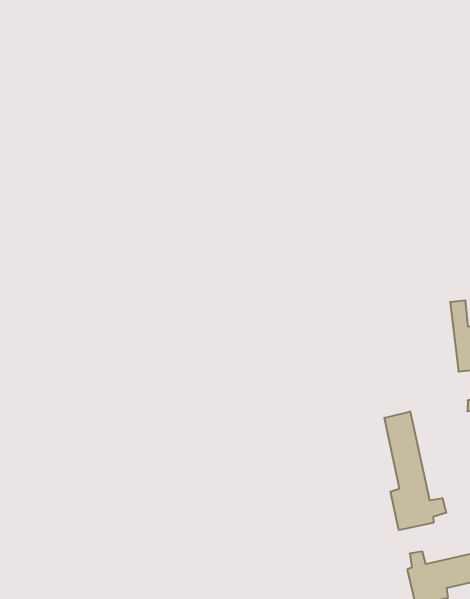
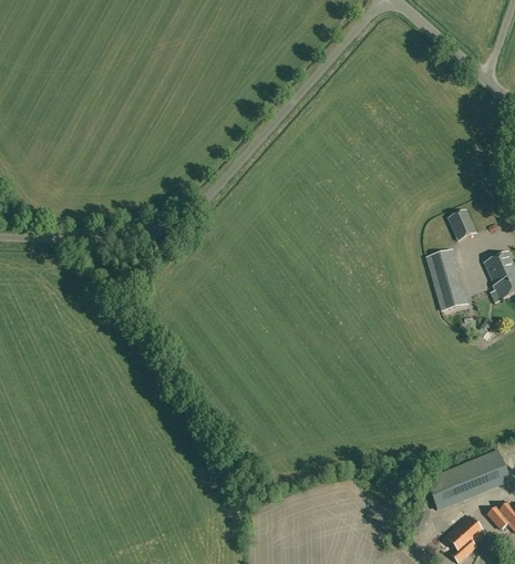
building: [384,411,446,530] -> none

